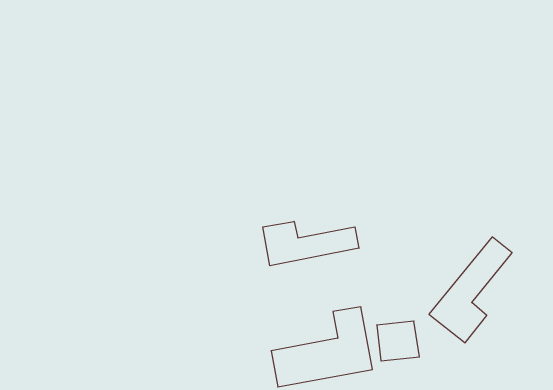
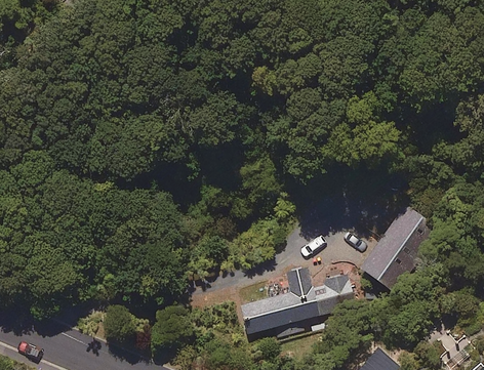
building: [263,221,359,266] -> none

